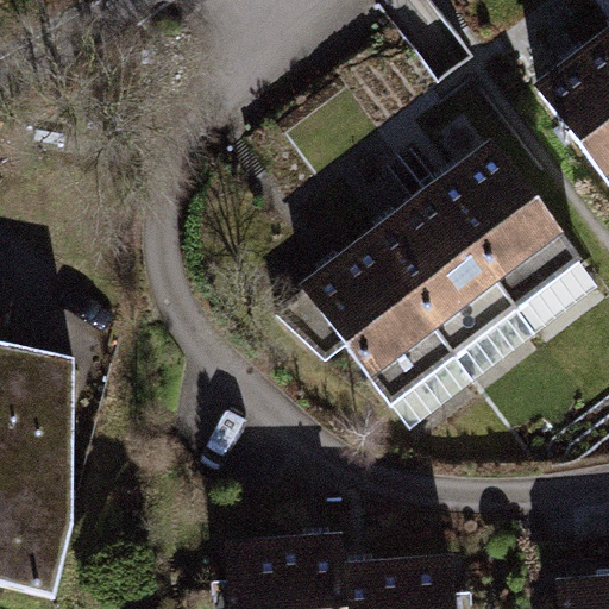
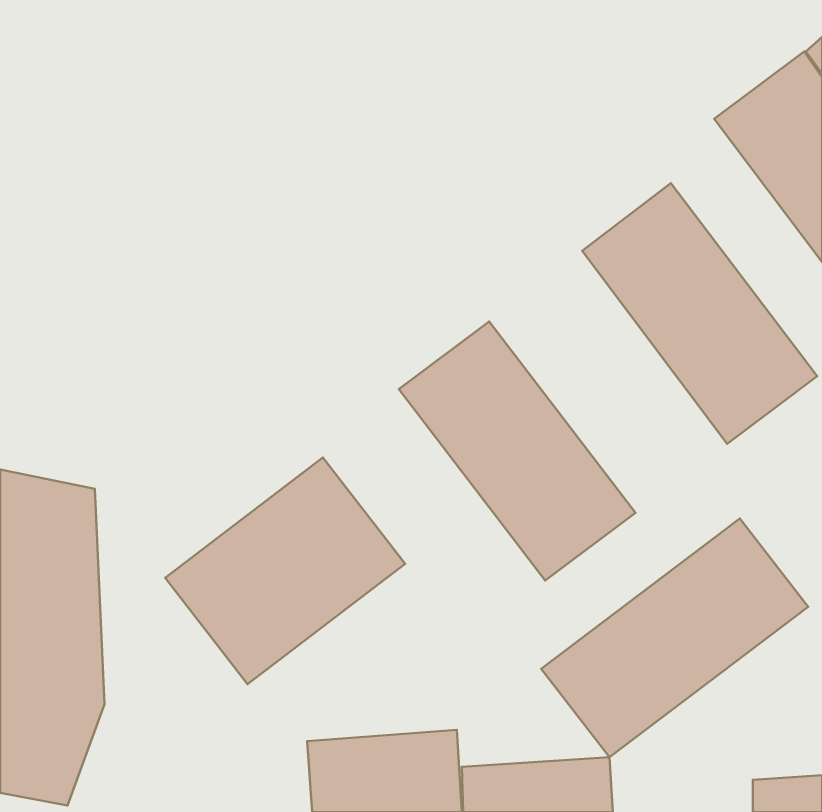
building: [363,187,536,378] -> none
building: none -> [165,458,405,684]
building: none -> [541,518,808,757]

